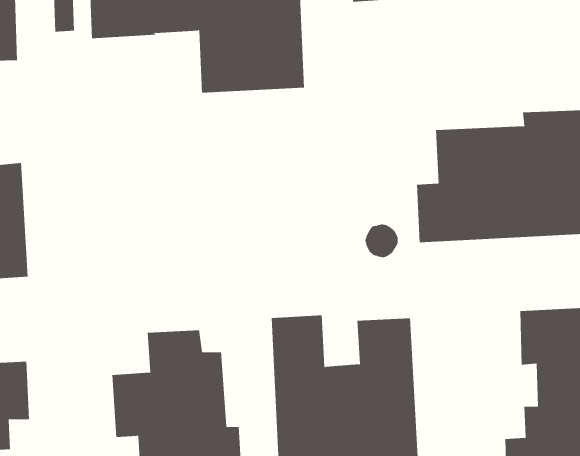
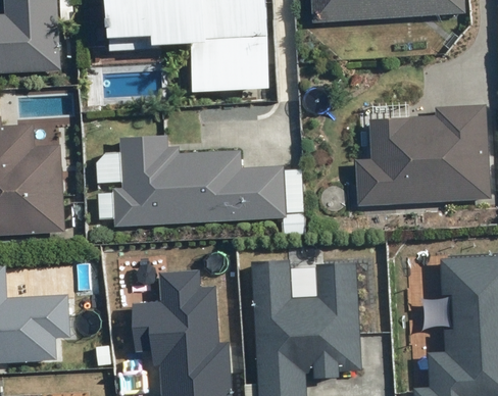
building: none -> [116,140,282,227]

